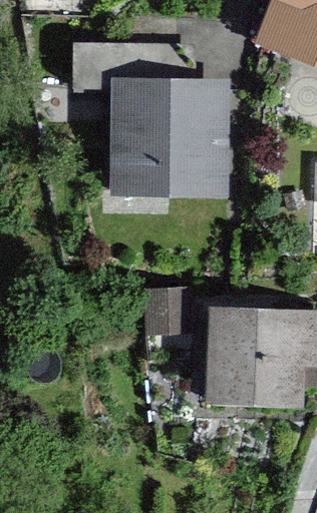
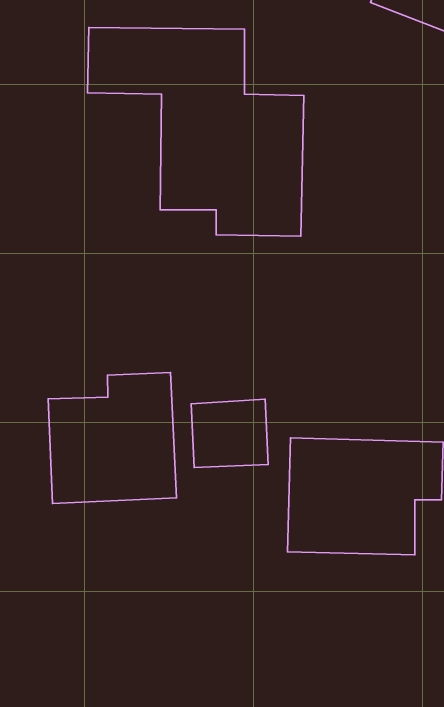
building: none -> [48,372,177,503]

